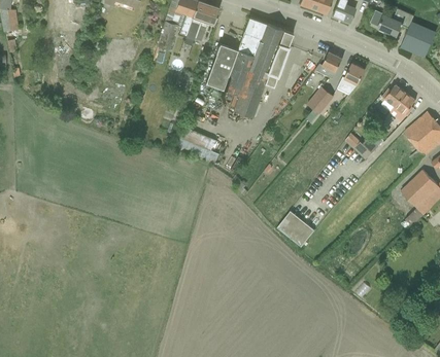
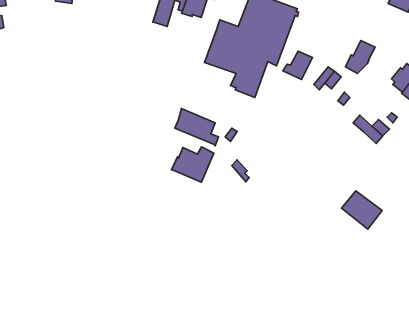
building: [315,51,343,78] -> [283,51,312,80]
building: none -> [171,147,214,182]
building: [277,211,315,247] -> [342,191,382,229]

